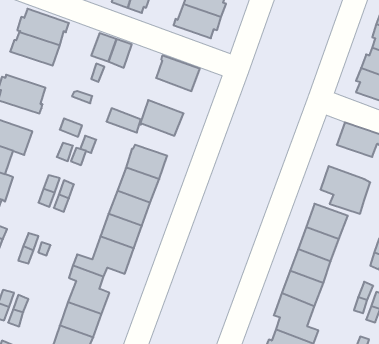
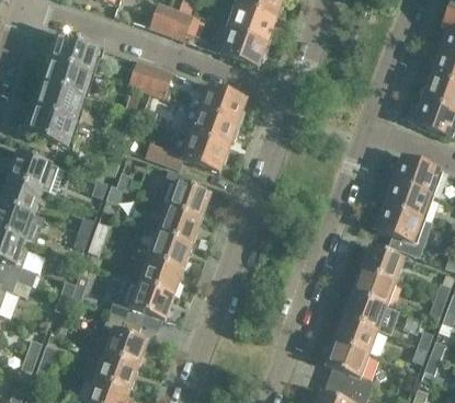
building: none -> [34,81,86,120]
building: none -> [189,110,236,148]
building: none -> [384,182,431,219]

